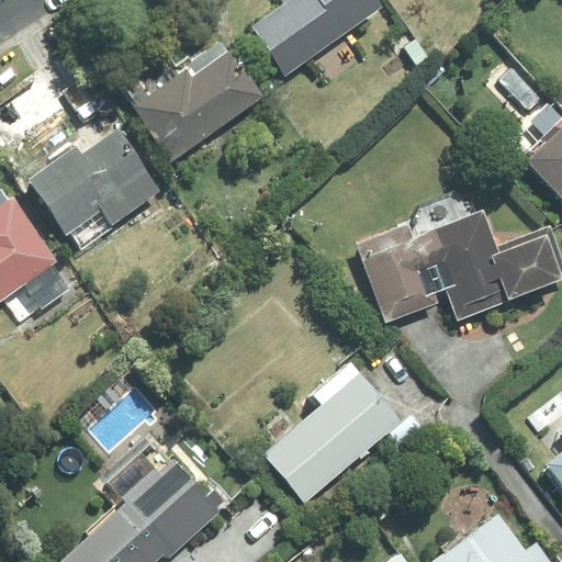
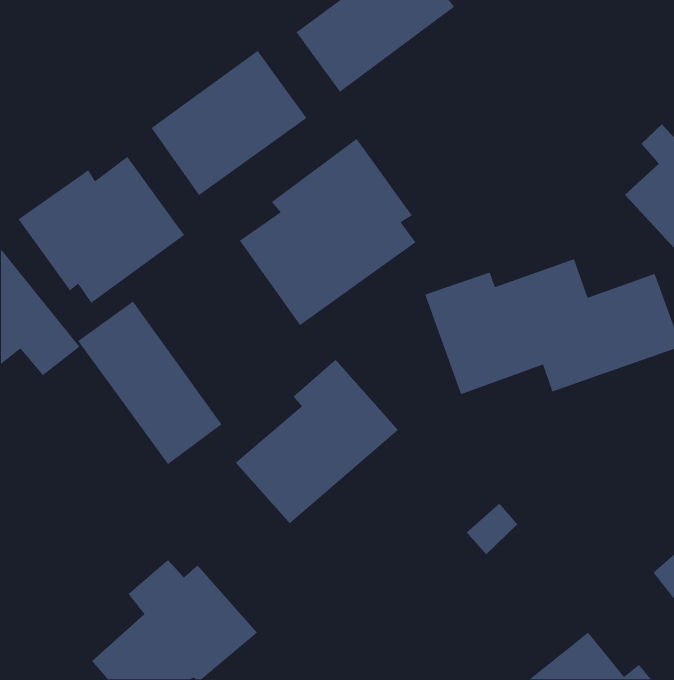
building: none -> [239,138,417,326]
building: none -> [77,301,223,465]
building: [263,364,397,499] -> [235,359,399,524]

